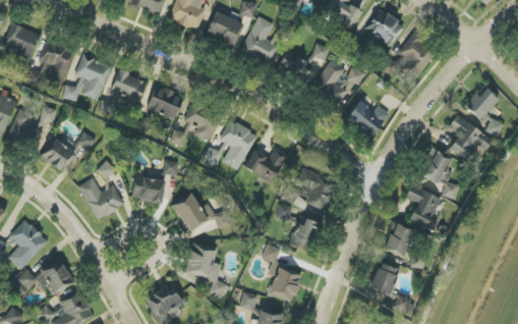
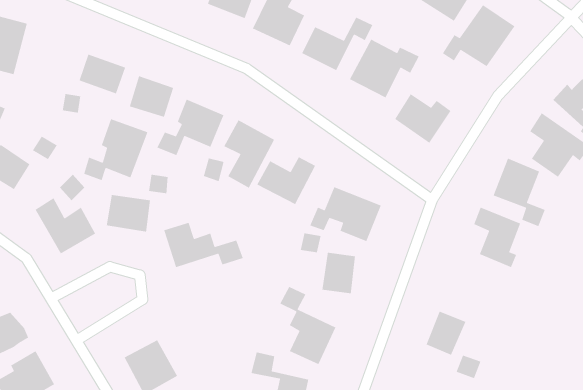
building: [62,55,111,102] -> [83,118,149,181]
building: [384,222,414,256] -> none
building: [185,242,226,296] -> none

